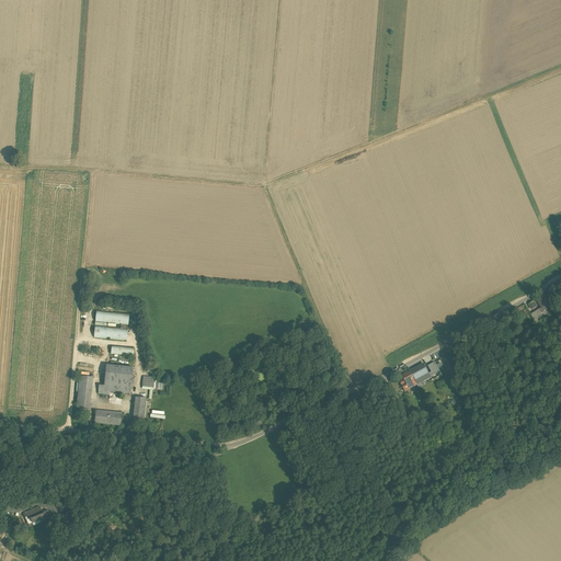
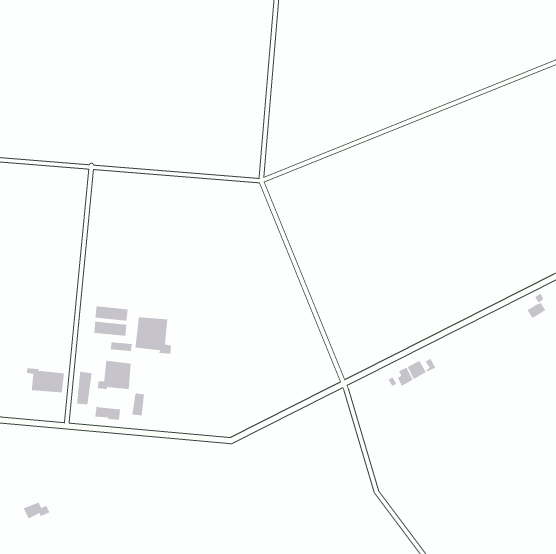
building: none -> [135,317,171,355]
building: none -> [27,367,65,393]

